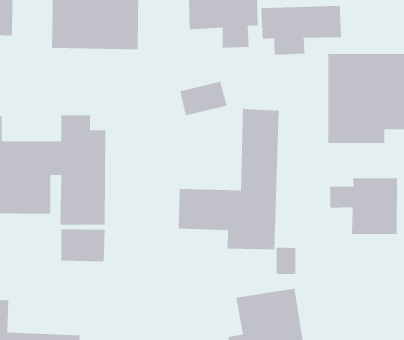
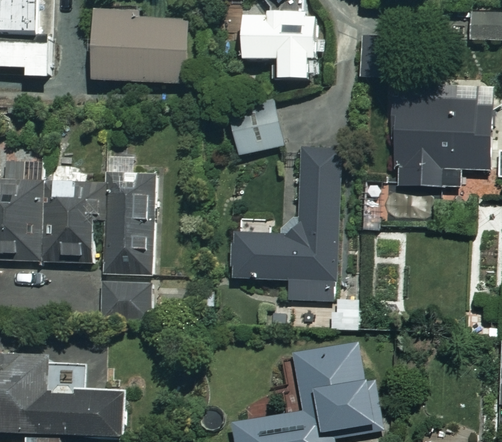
building: [261,5,342,55] -> none
building: [330,178,398,235] -> none

